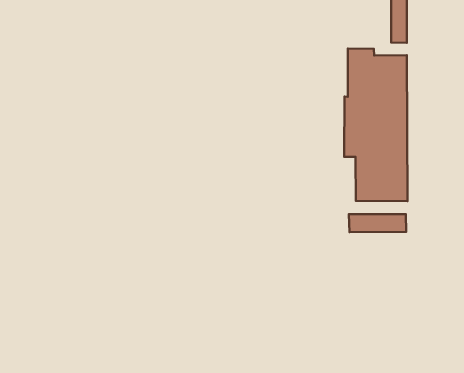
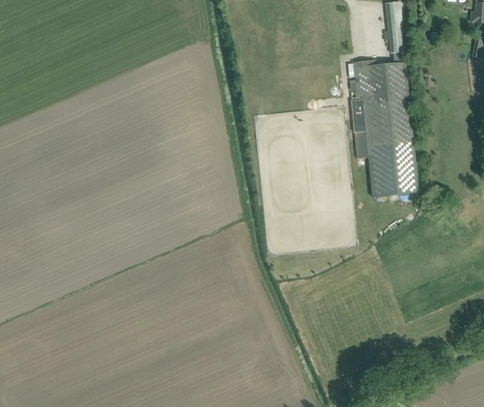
building: [349,214,406,232] -> none

